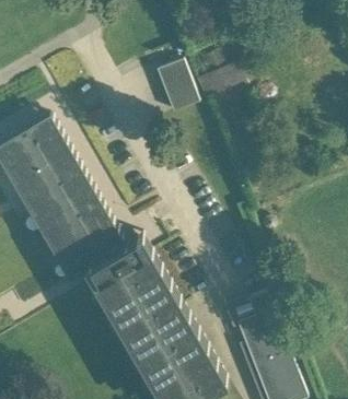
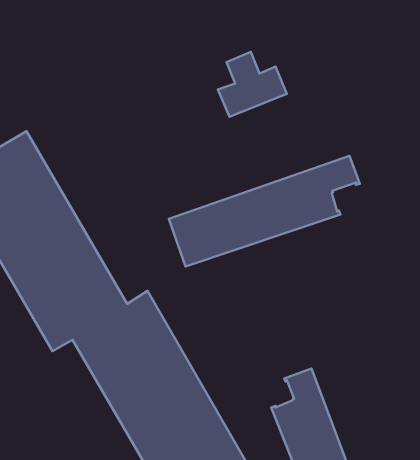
building: [153,58,196,112] -> none
building: none -> [169,156,360,266]

